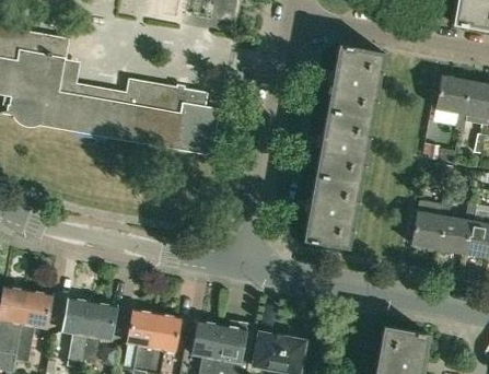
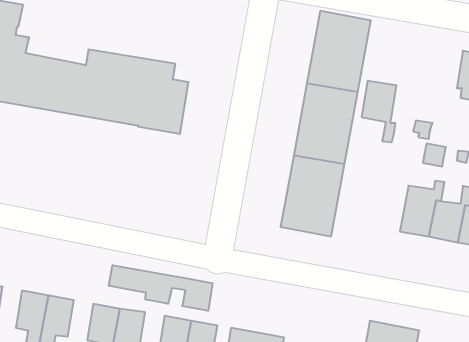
building: [436,75,468,131] -> [362,81,397,142]
building: none -> [109,265,212,311]

